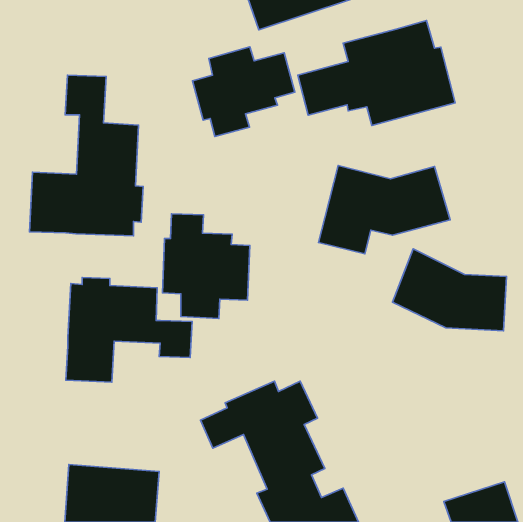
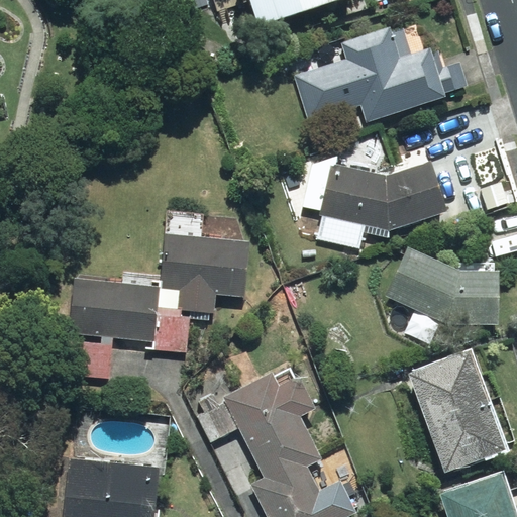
building: [193,47,295,137] -> none
building: [29,75,143,236] -> none
building: none -> [407,348,506,473]

